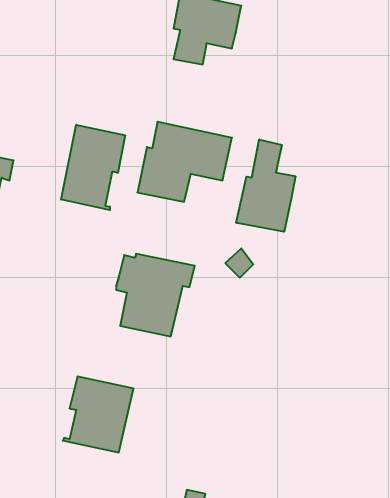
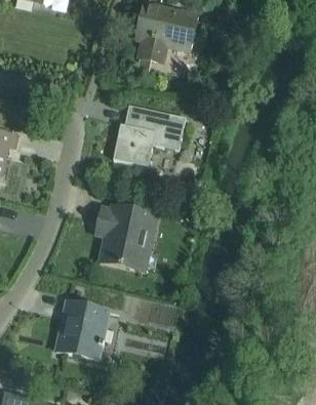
building: [61,125,125,210] -> none
building: [236,139,295,232] -> none

